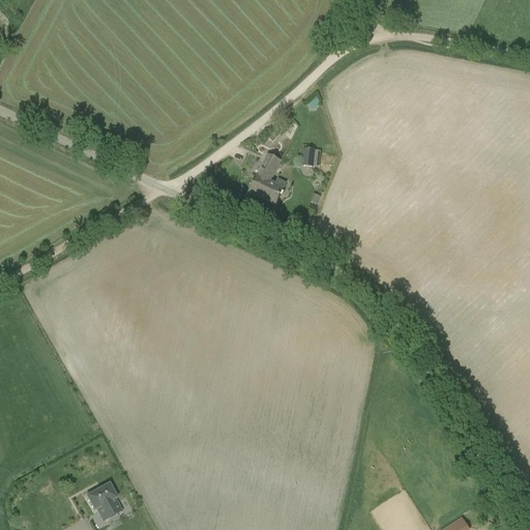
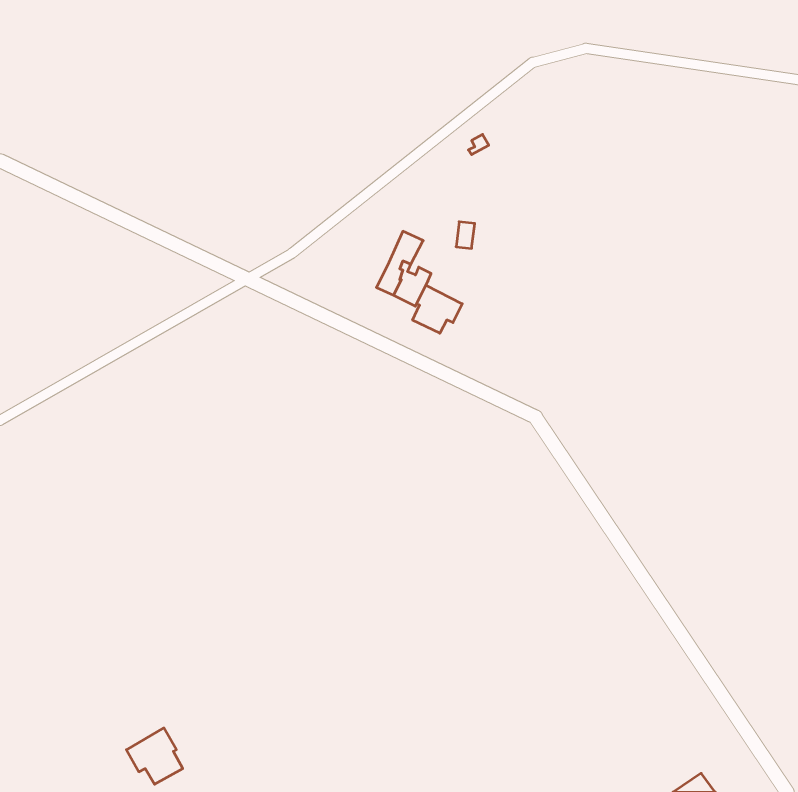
building: none -> [413,285,462,333]

